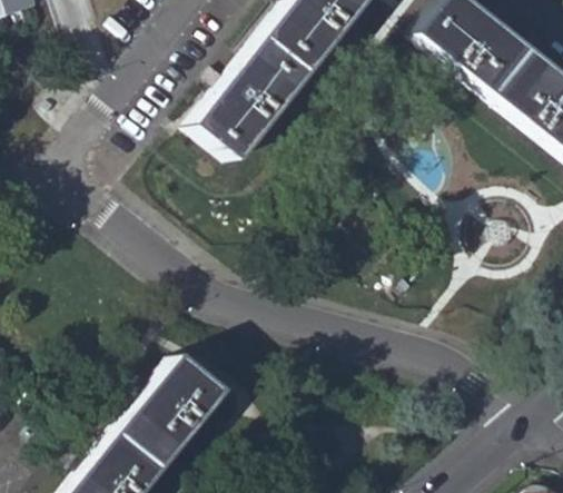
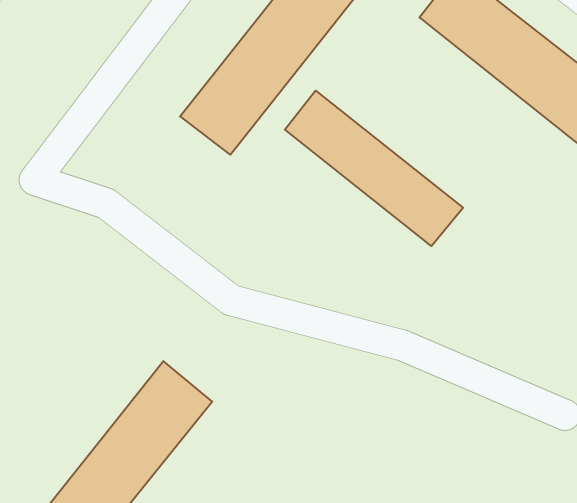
building: none -> [285,91,463,246]

